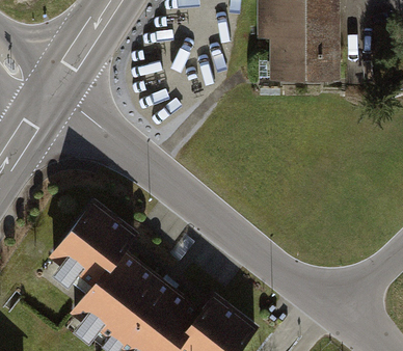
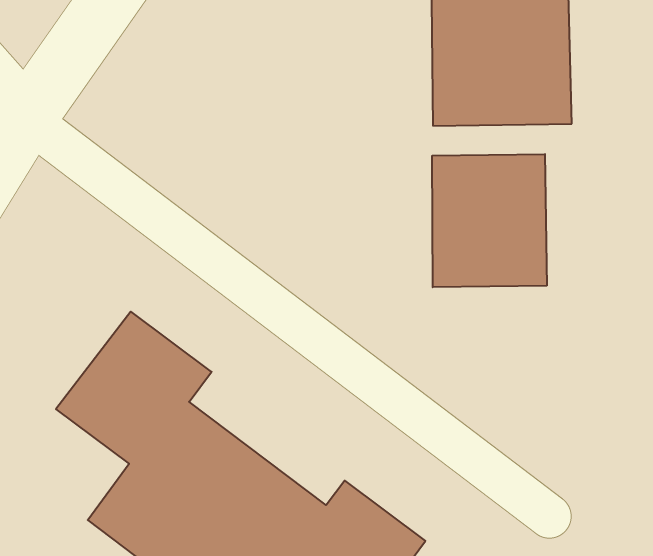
building: none -> [432,154,547,287]

